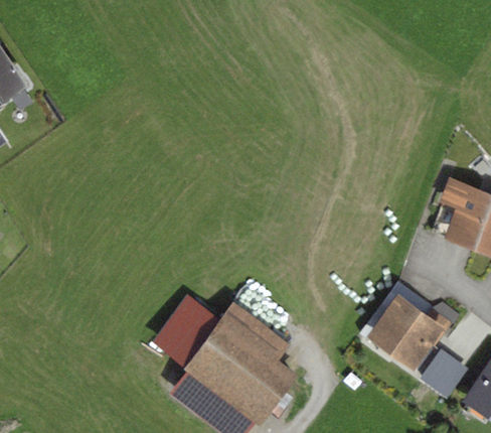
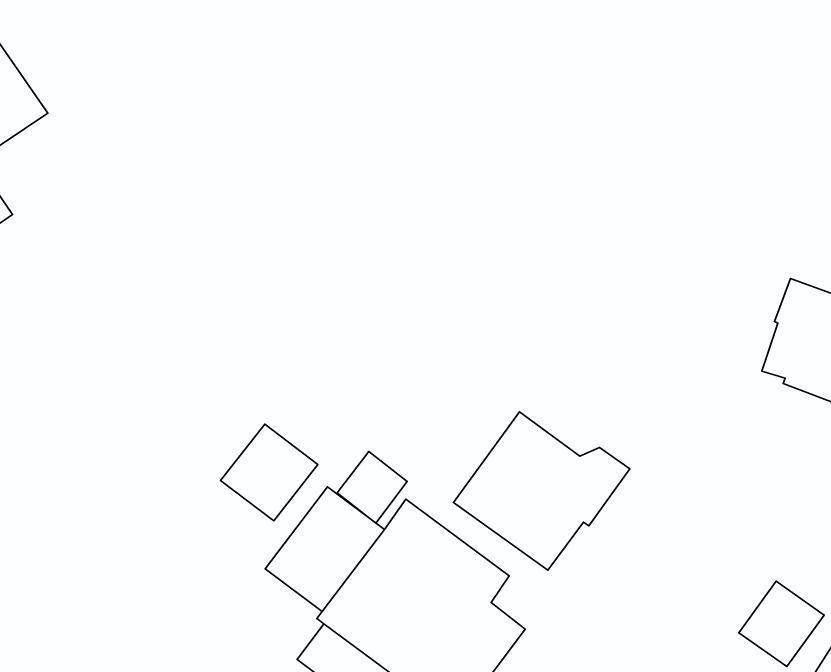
building: none -> [221,424,318,521]
building: none -> [337,451,407,523]
building: [360,282,460,372] -> [453,412,630,570]

